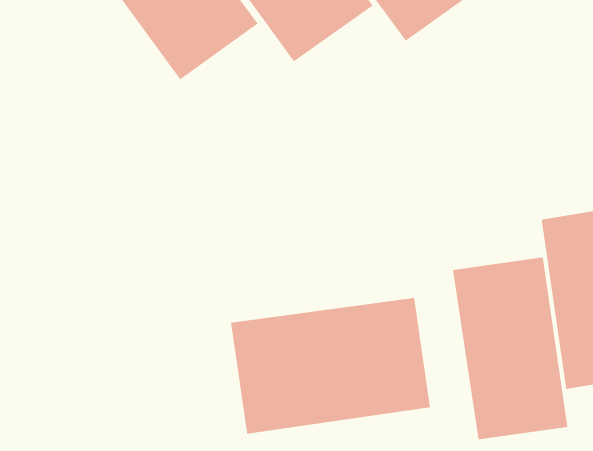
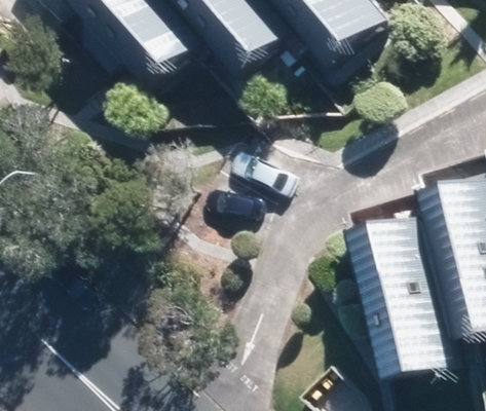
building: [230,297,431,434] -> none

